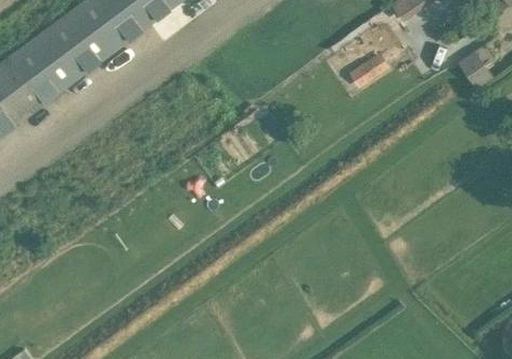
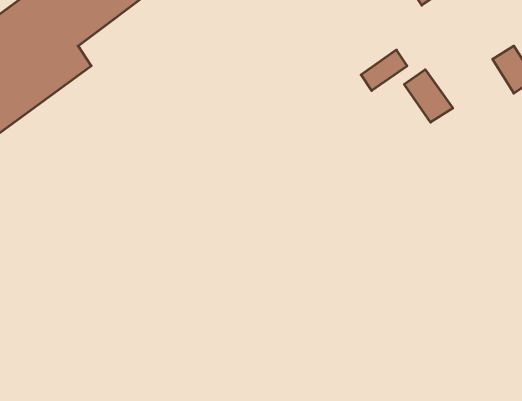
building: none -> [404,70,453,122]

